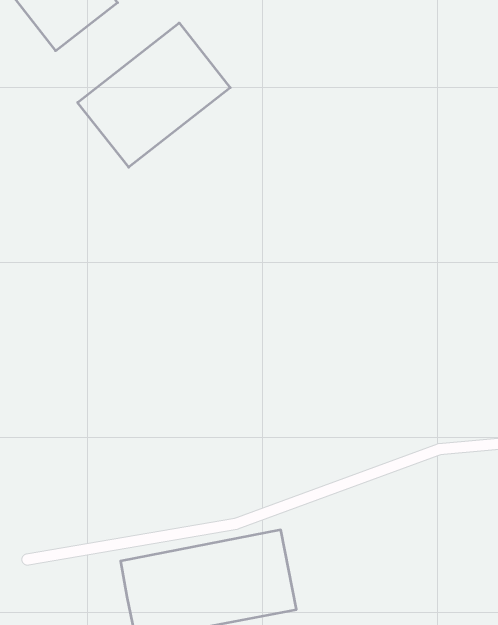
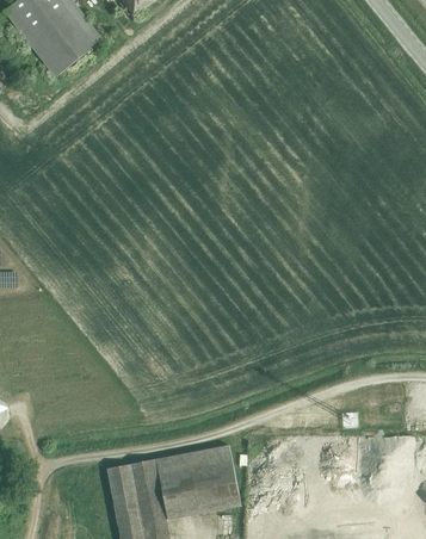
building: [78,23,230,167] -> none

